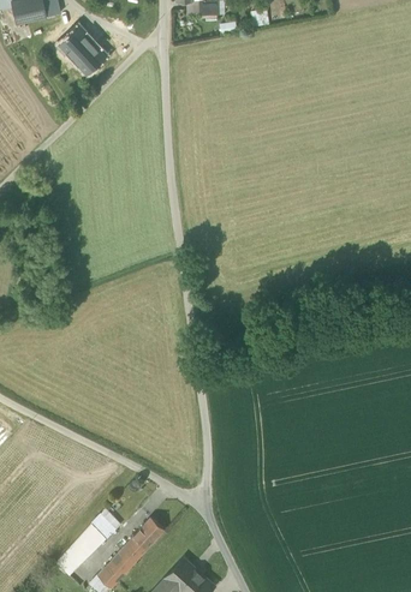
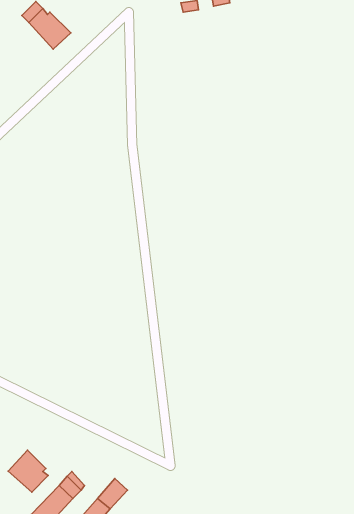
building: none -> [8,450,48,492]

